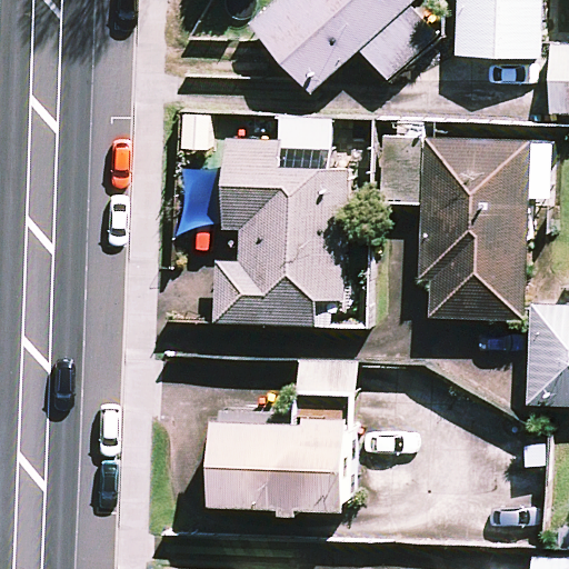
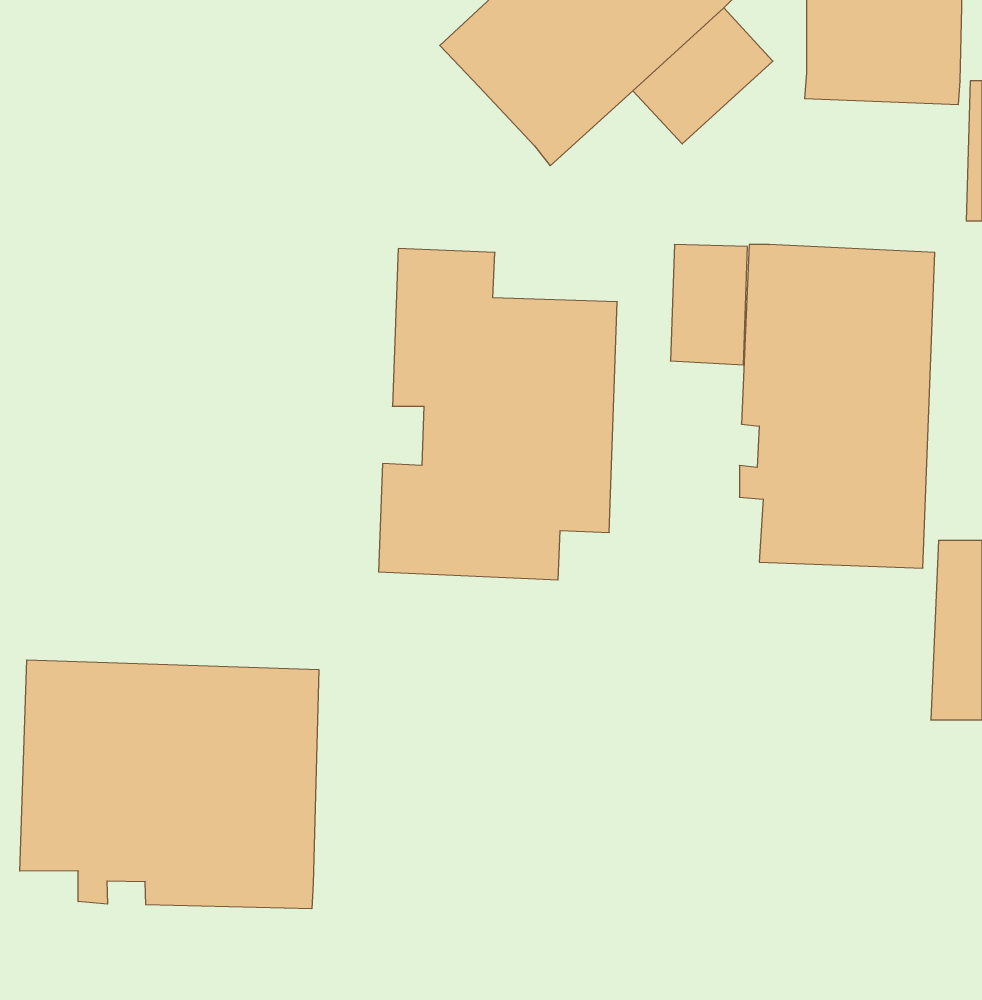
building: none -> [20,660,319,909]
building: [210,392,349,508] -> none

